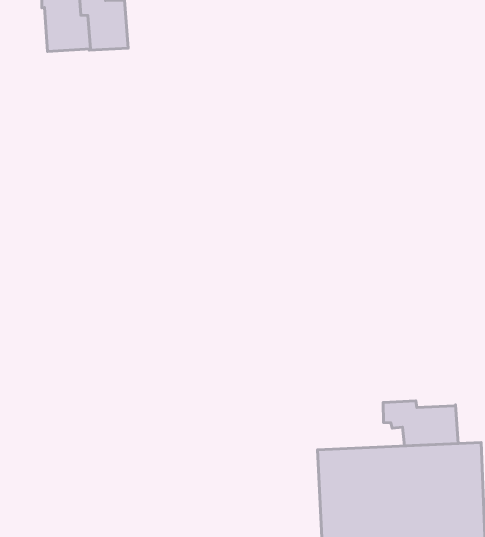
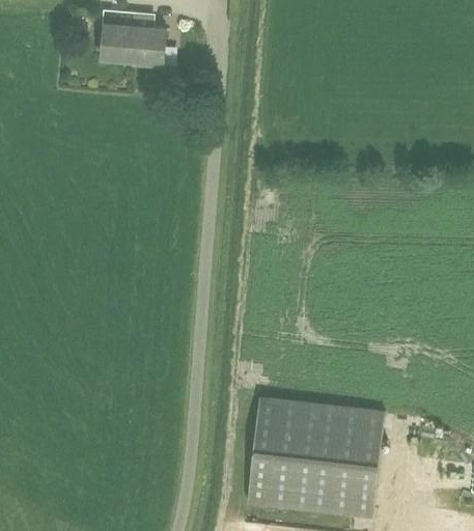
building: [383,401,458,446] -> none

